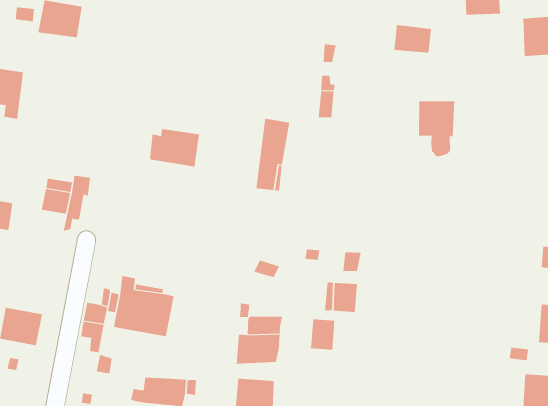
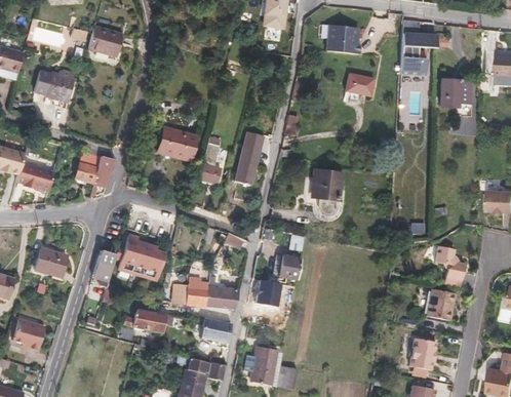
building: [418,101,455,157] -> [312,170,342,212]
building: none -> [198,135,221,184]
building: none -> [171,260,208,307]

